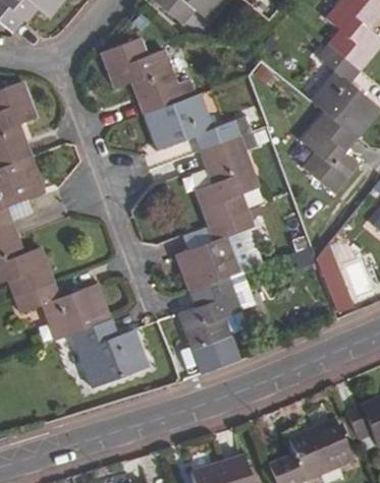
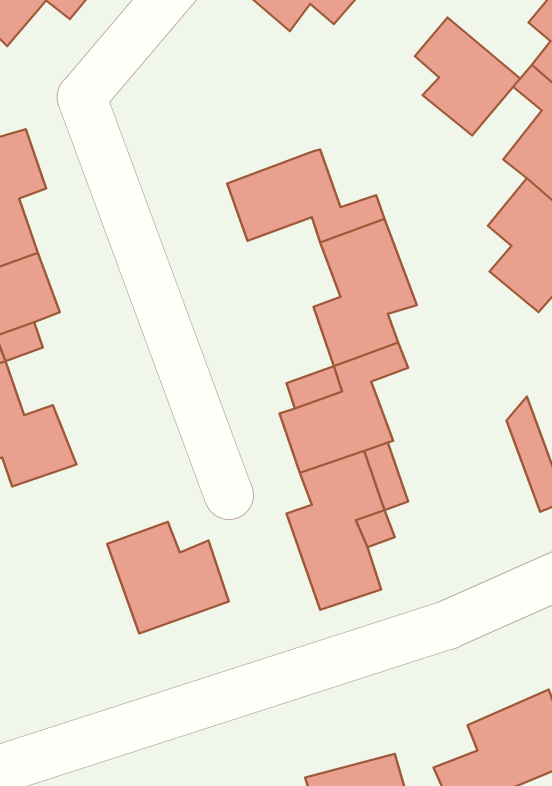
building: none -> [415,17,520,136]
building: [103,39,197,115] -> none
building: [15,284,109,339] -> none

